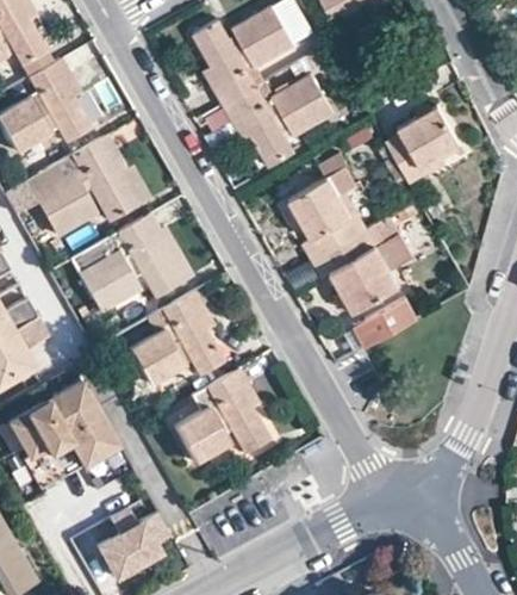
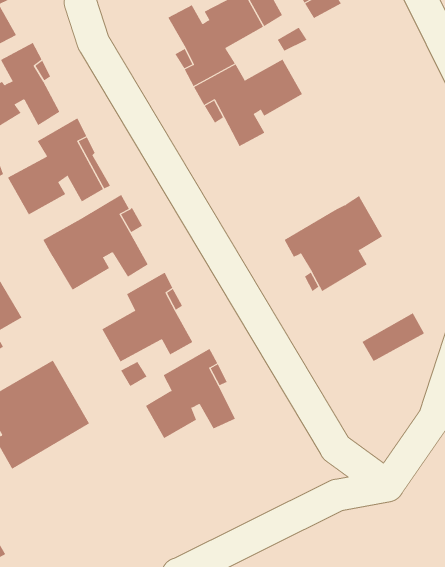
building: [386,105,460,182] -> none
building: [291,168,367,259] -> none
building: [354,297,418,347] -> [361,312,425,362]
building: [96,507,169,577] -> none

